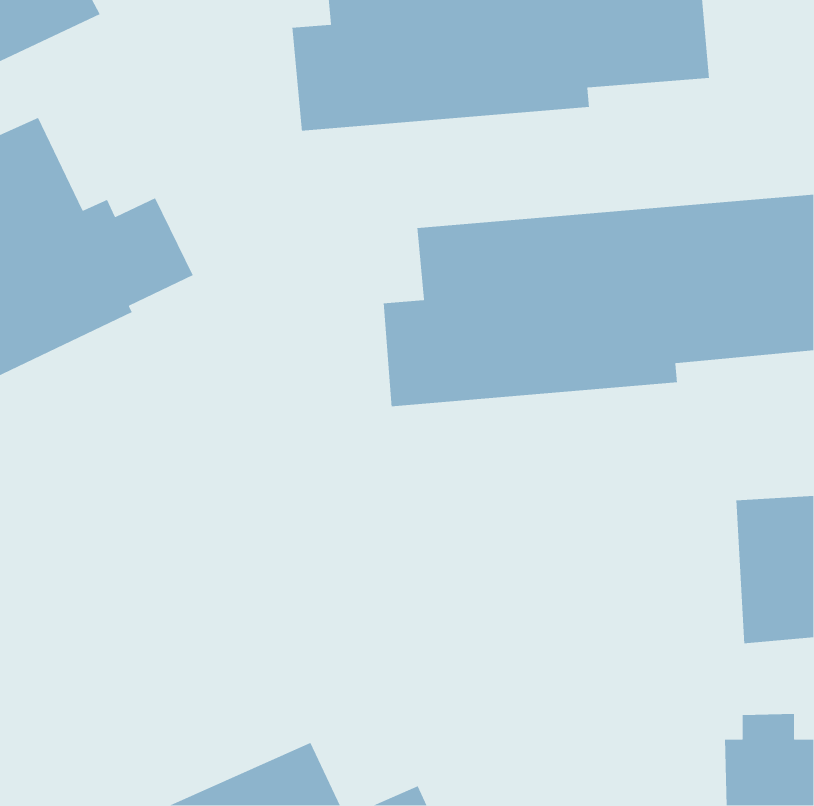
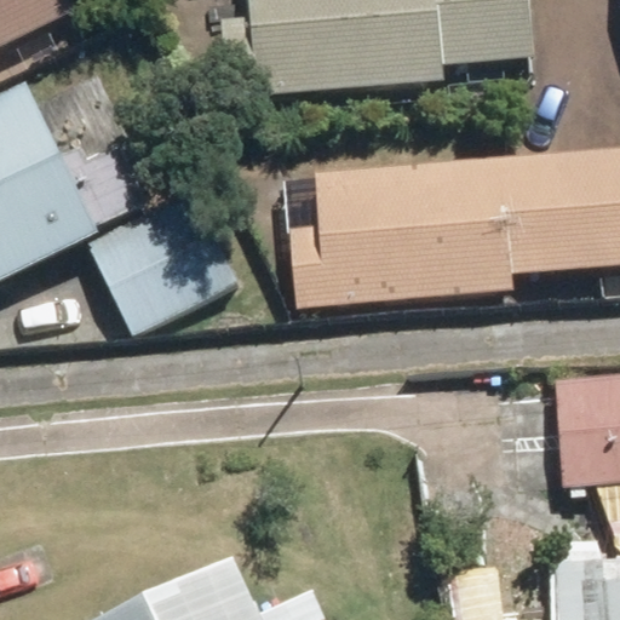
building: none -> [90,194,237,334]

